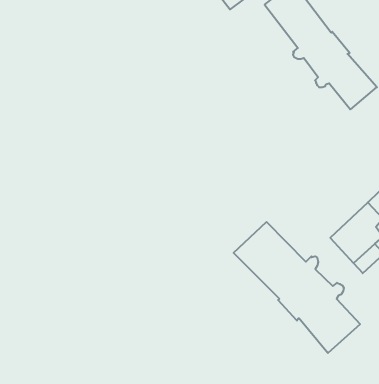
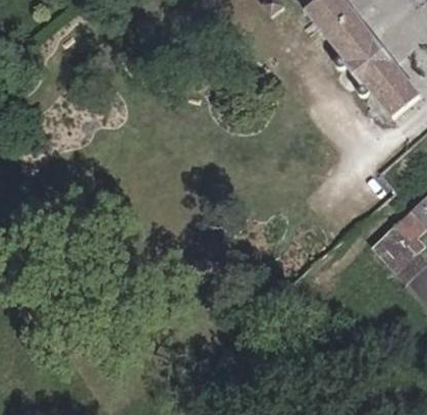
building: [234,222,360,353] -> none

